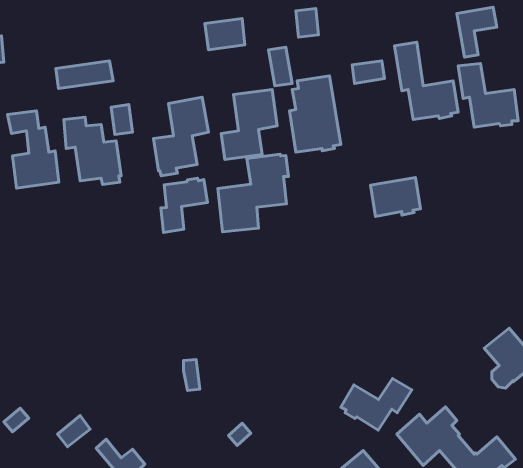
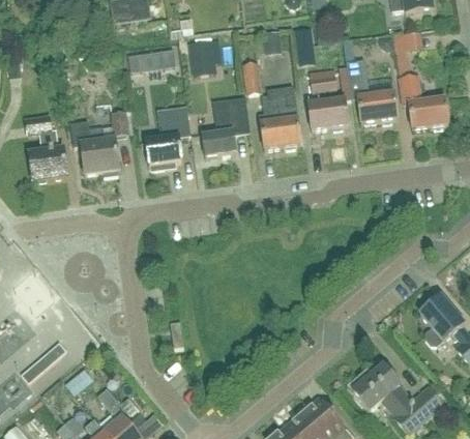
building: [56,61,113,88] -> [127,47,175,69]
building: [218,154,289,232] -> none
building: [370,178,420,216] -> [306,97,348,129]
building: [161,178,208,232] -> none
building: [341,379,412,430] -> none

